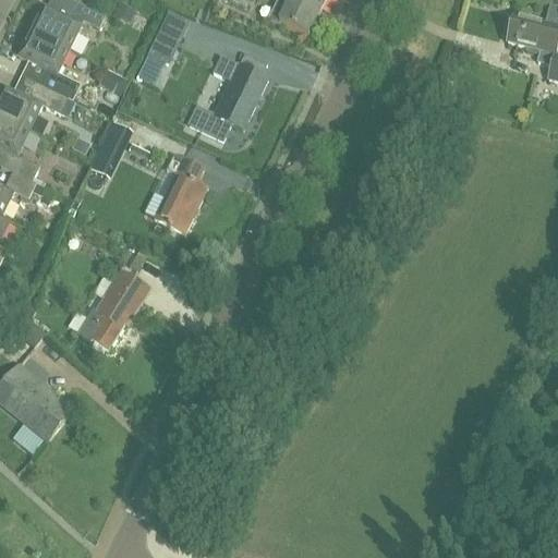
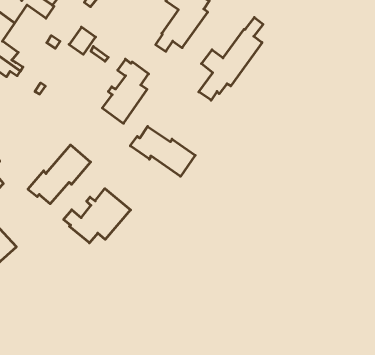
building: none -> [199,17,263,100]
building: none -> [130,126,195,176]
building: none -> [64,189,131,243]

